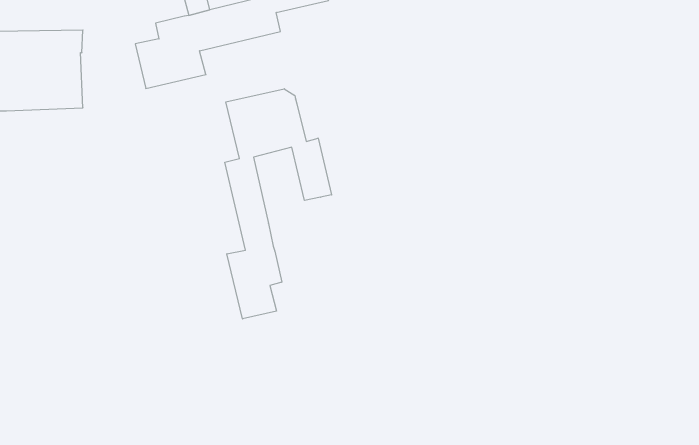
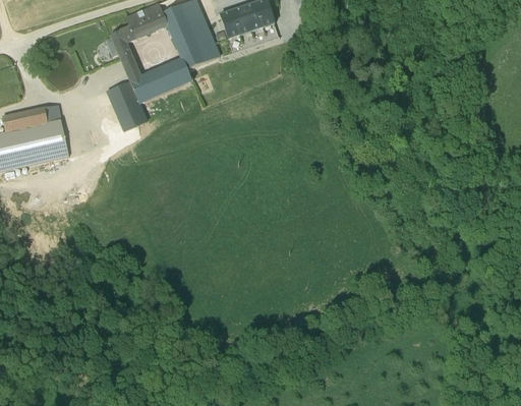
building: [225,89,332,319] -> none

